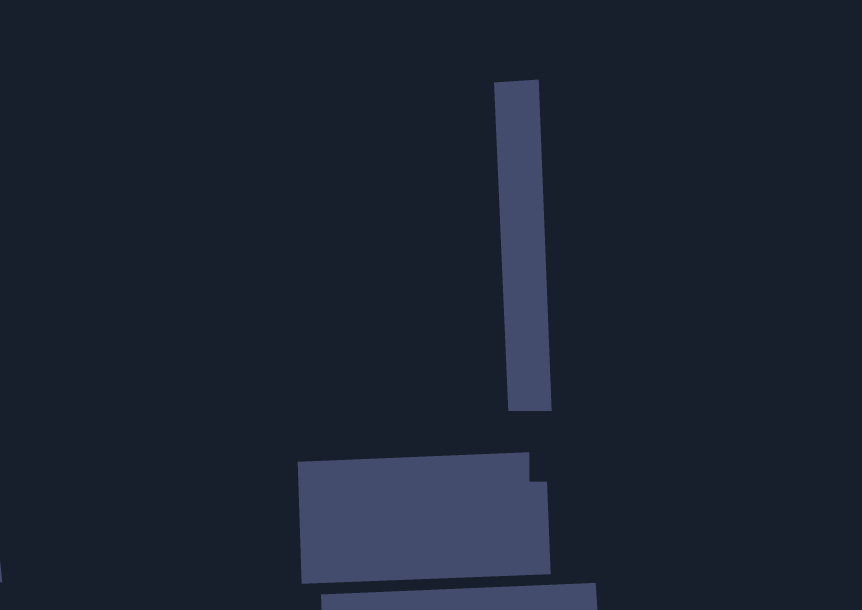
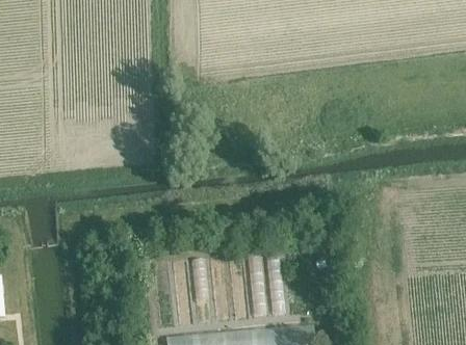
building: [494,79,552,412] -> none

